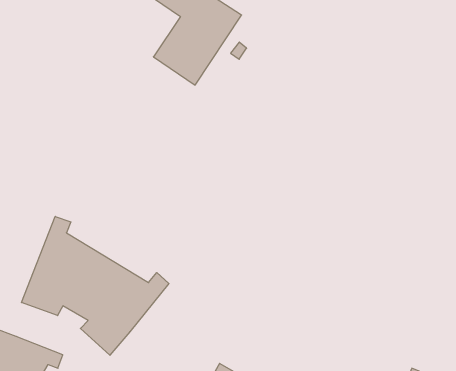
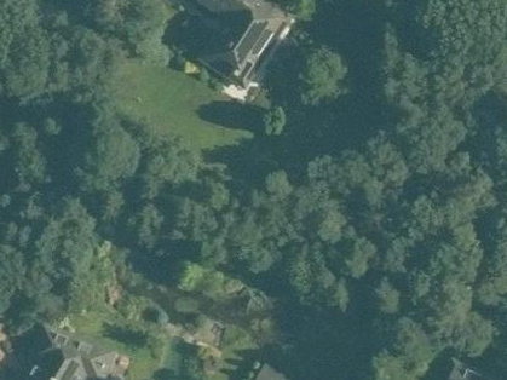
building: [22,216,169,355] -> none

